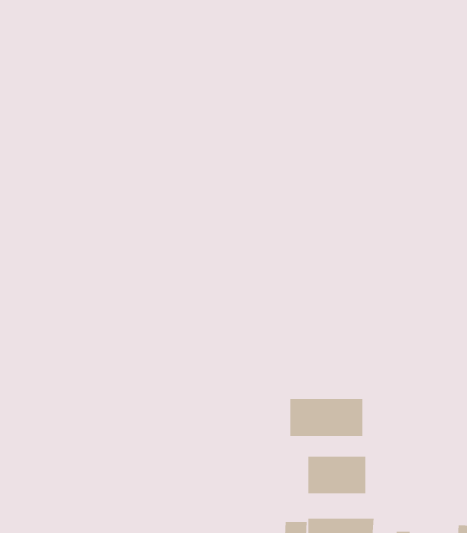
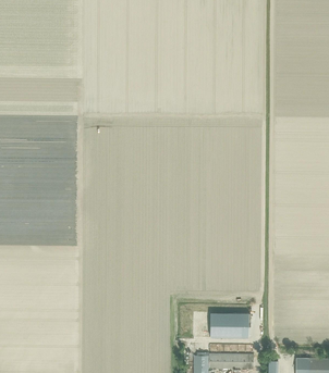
building: [290,398,363,437] -> none

